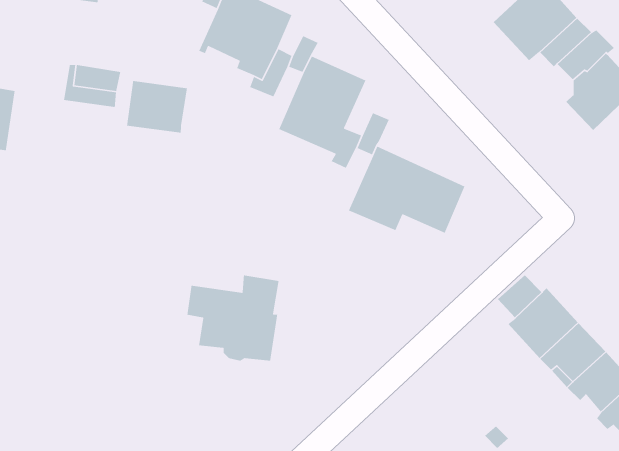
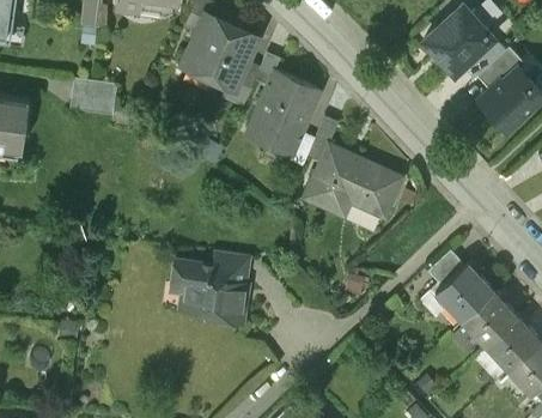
building: [126,80,188,134] -> none

